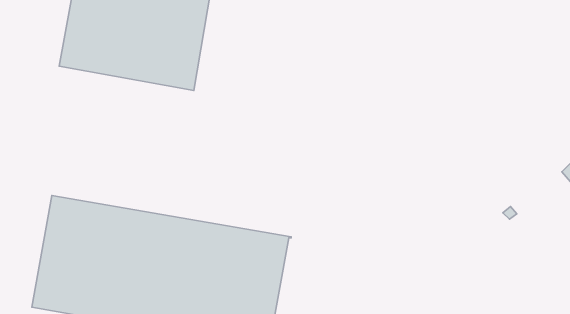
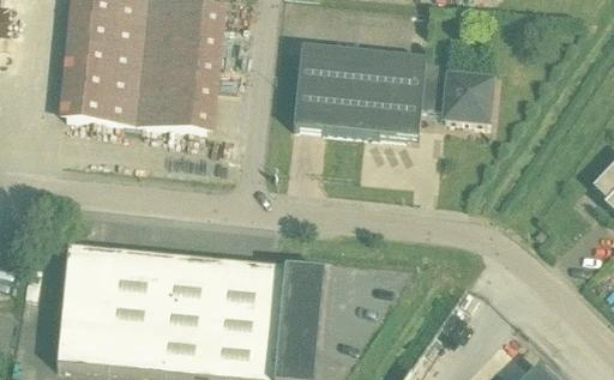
building: none -> [295,46,493,134]

